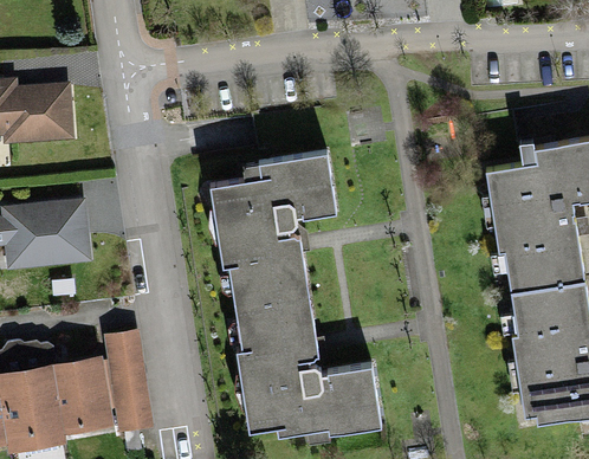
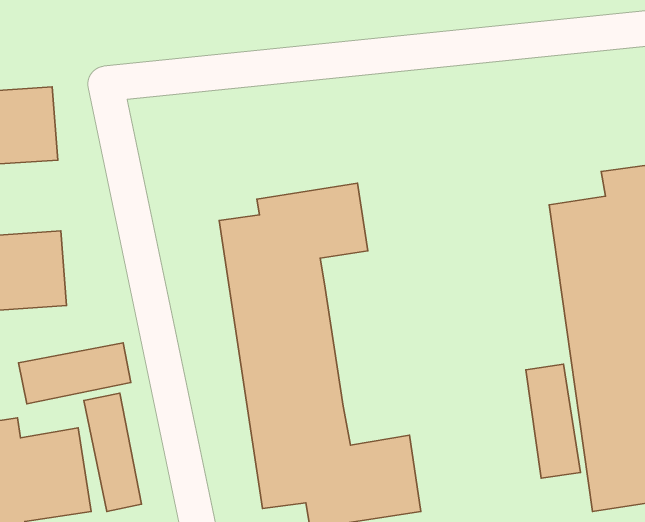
building: none -> [19,343,131,404]
building: none -> [526,364,580,478]

